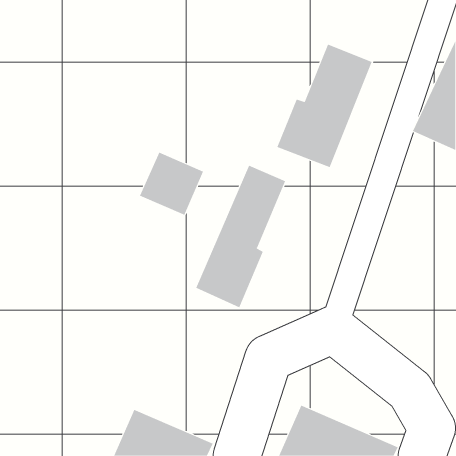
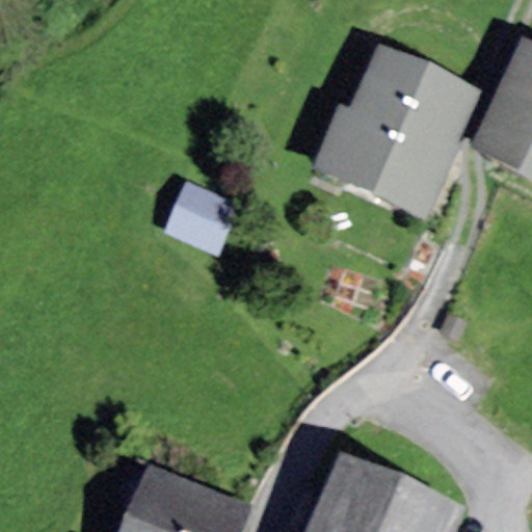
building: none -> [382,72,476,212]
building: [196,165,286,308] -> none

